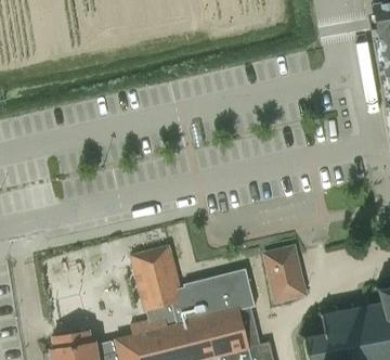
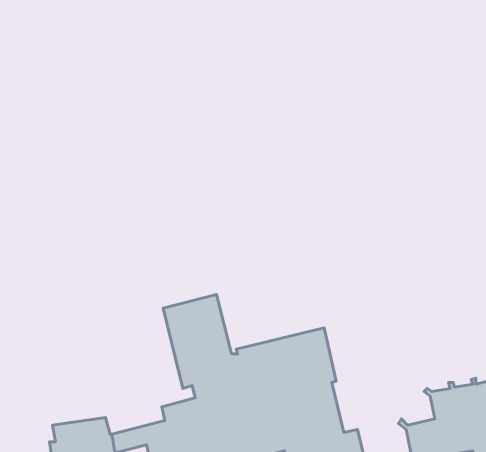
building: [262,247,306,305] -> none

